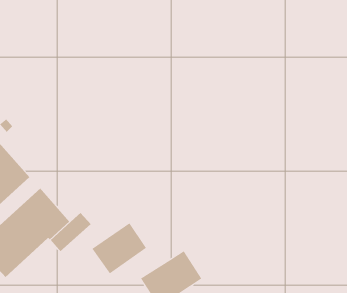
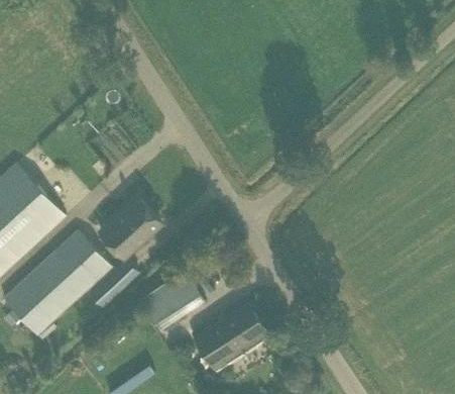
building: none -> [100,197,161,257]

